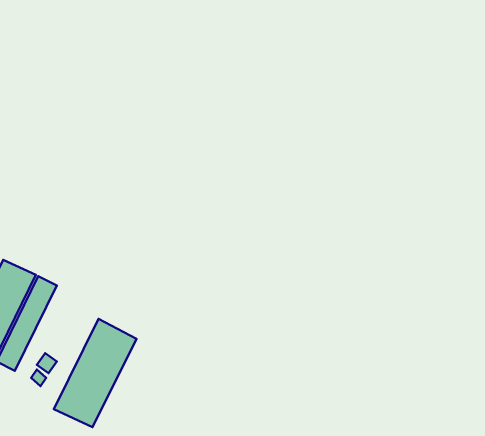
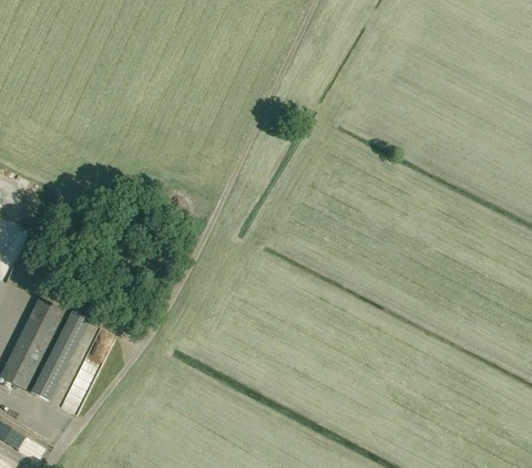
building: [54,319,137,427] -> none

